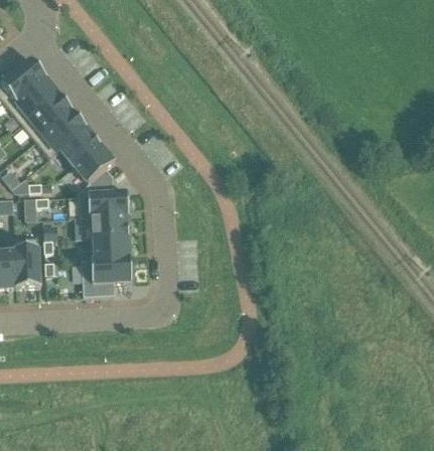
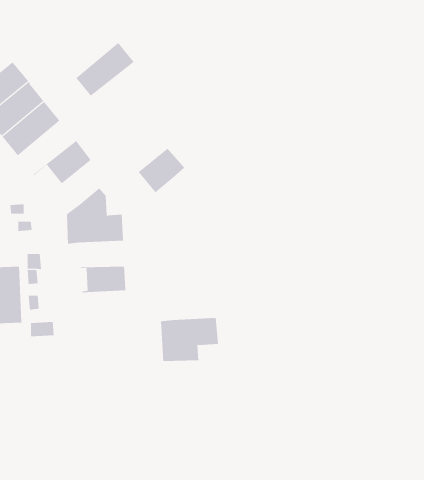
building: [35,109,87,156] -> [76,42,135,97]
building: [74,143,115,182] -> [138,148,185,193]
building: [89,213,129,237] -> none
building: [81,257,132,295] -> [160,318,219,362]

